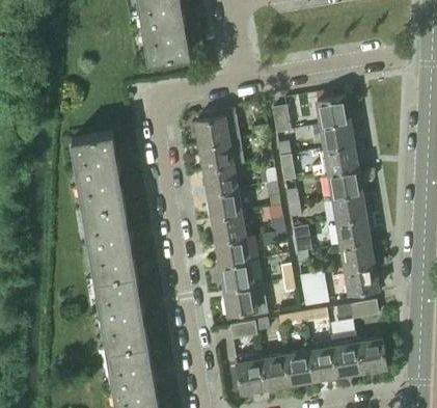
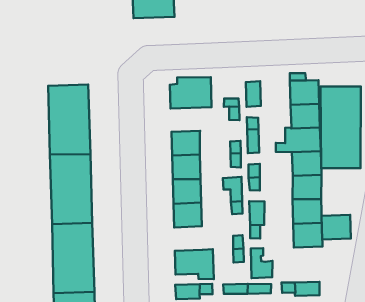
building: none -> [320,87,361,168]
building: [198,139,244,170] -> none
building: [219,262,251,291] -> none
building: [344,265,377,294] -> [322,215,351,240]

